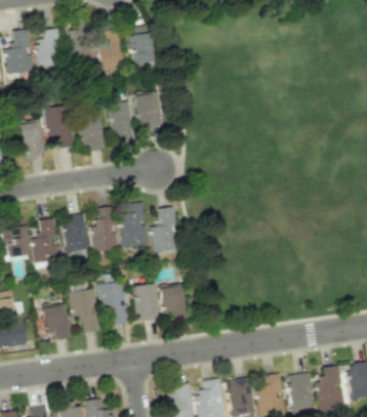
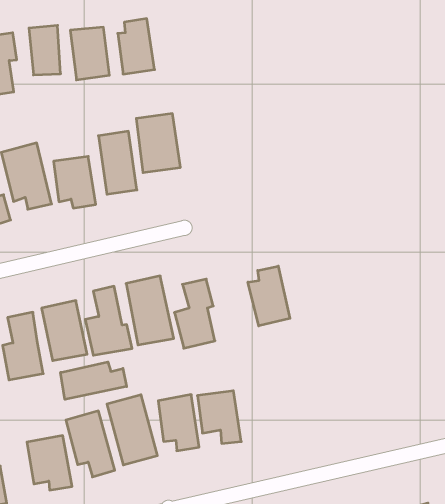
building: none -> [248,266,290,326]
building: none -> [61,362,127,399]

